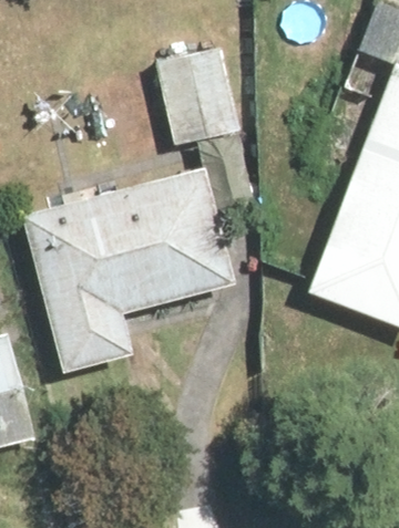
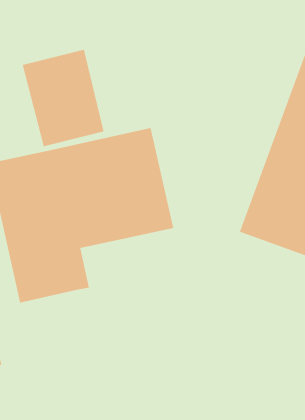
building: [144,34,239,147] -> [22,49,105,147]

